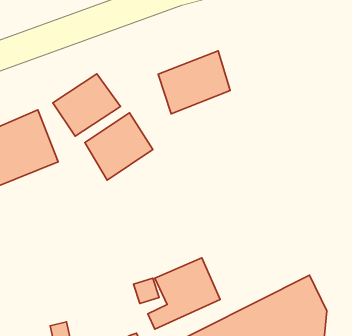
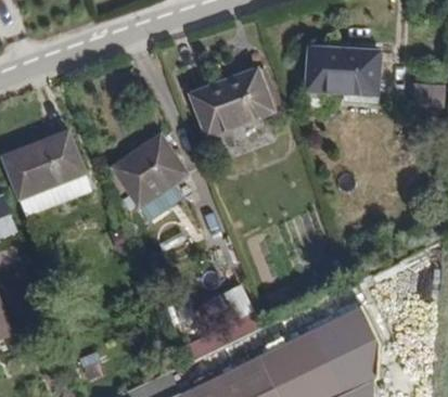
building: none -> [320,46,391,88]
building: [53,74,121,136] -> none

